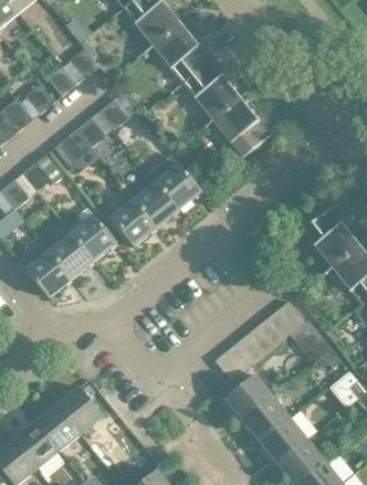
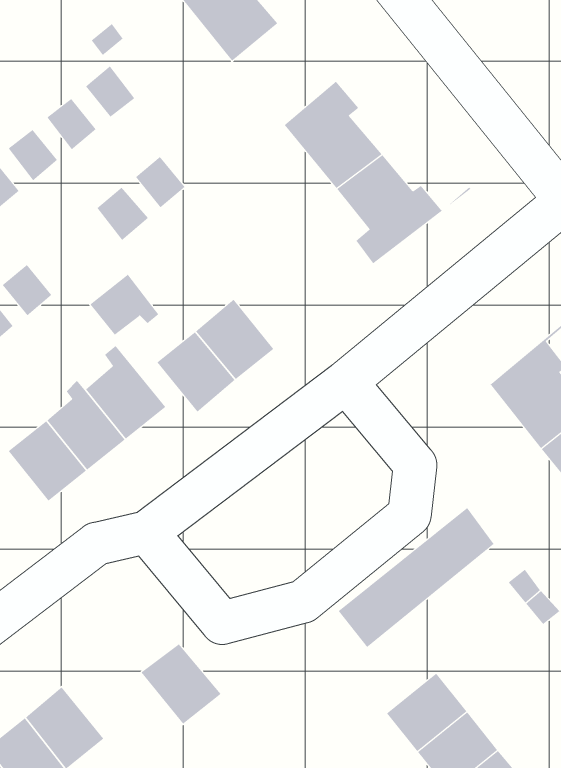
building: [155,23,214,82] -> none
building: [55,129,95,165] -> [90,274,159,335]
building: [156,164,201,210] -> none
building: [226,375,272,419] -> none
building: [57,387,104,433] -> [140,644,222,725]

